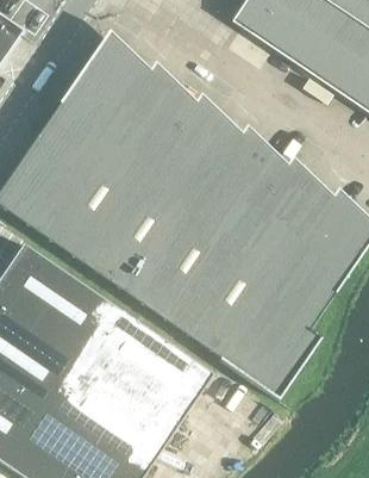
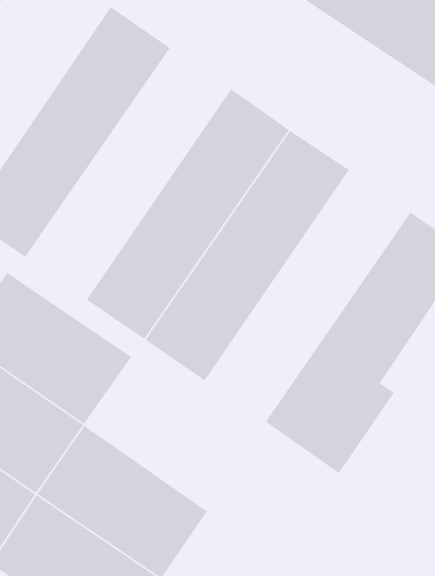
building: [37,68,195,262] -> none
building: [175,162,333,356] -> none
building: [82,306,214,426] -> none

